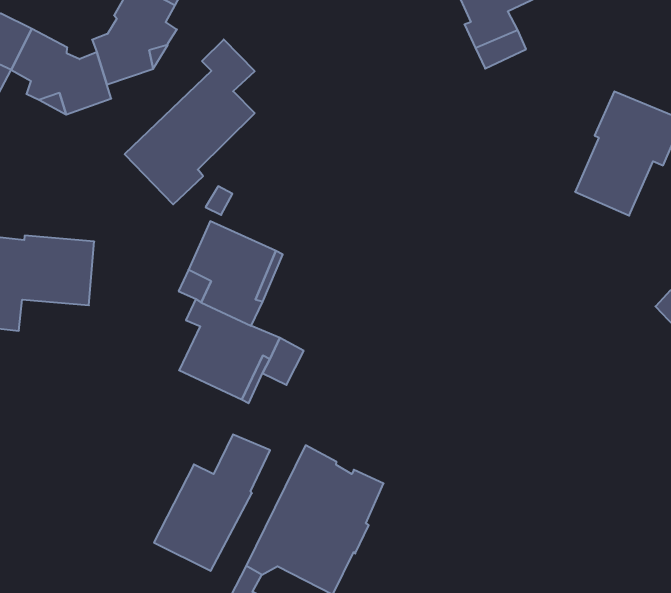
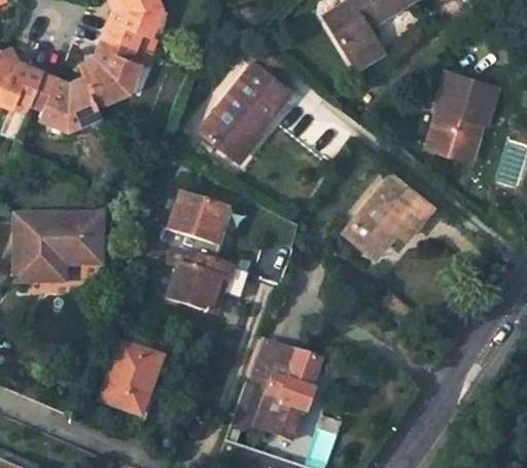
building: [125,39,255,204] -> [202,41,288,158]
building: none -> [344,174,430,253]
building: [154,434,270,571] -> [99,319,172,415]

